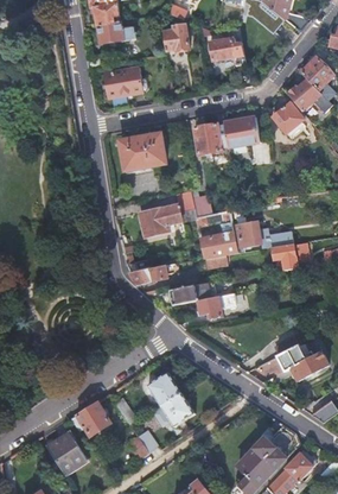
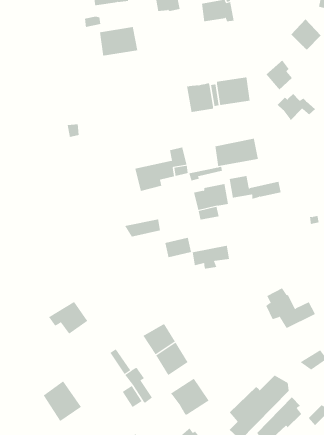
building: [287,82,327,110] -> [277,93,316,121]
building: [119,134,165,171] -> none
building: none -> [215,138,258,167]
building: [272,243,305,270] -> none
building: [69,401,110,436] -> [48,301,88,335]
building: none -> [170,378,209,416]

